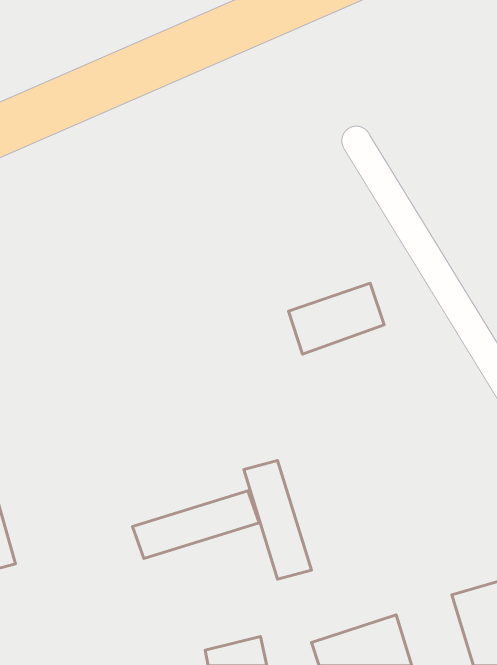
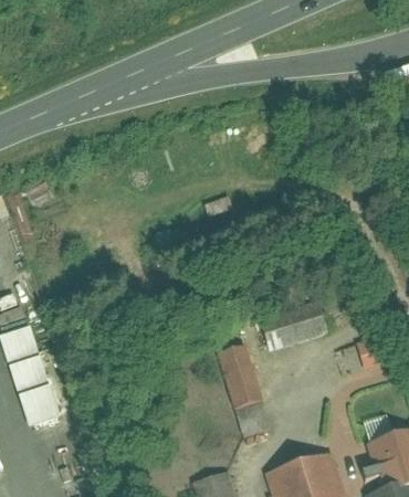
building: [289,283,384,354] -> [258,303,326,353]
building: [132,491,259,559] -> none

